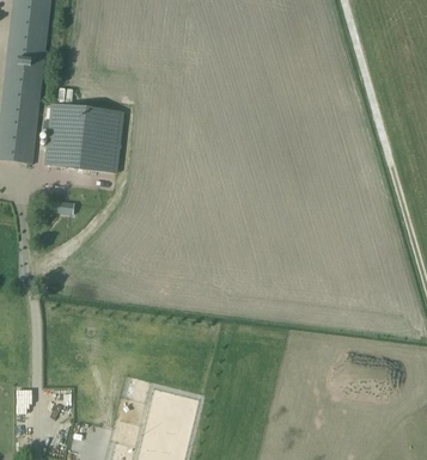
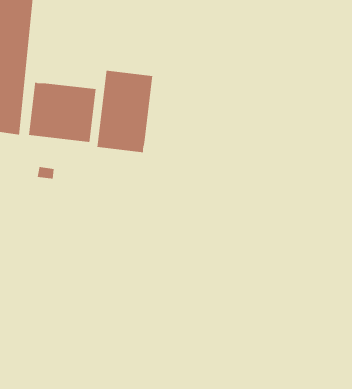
building: none -> [97,70,153,153]

